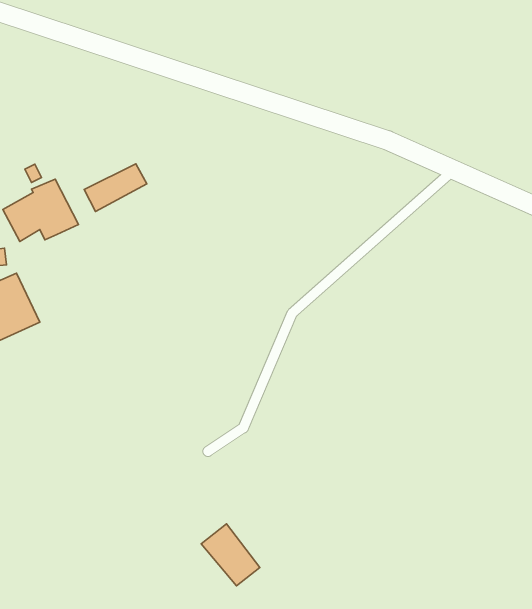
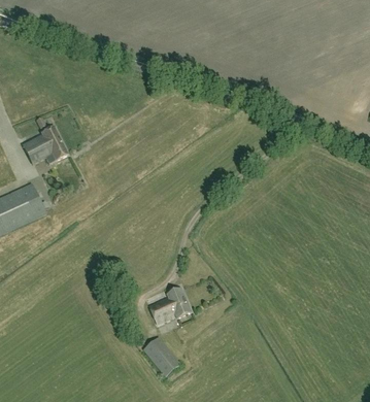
building: [84,164,147,211] -> none
building: none -> [149,288,192,323]

